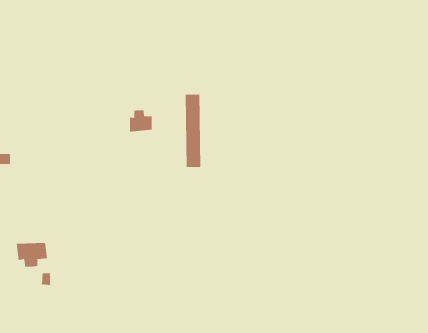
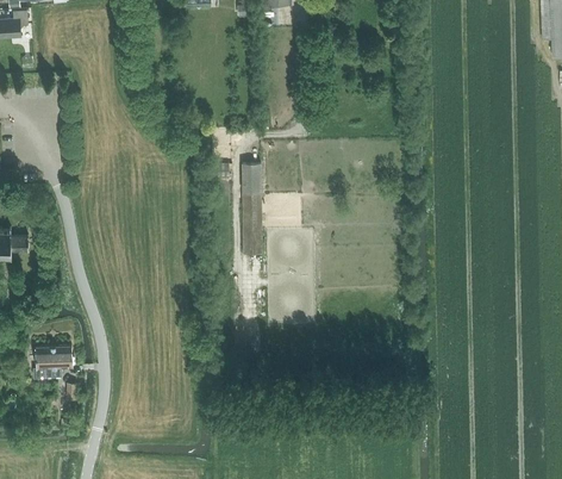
building: [129,110,152,133] -> none

